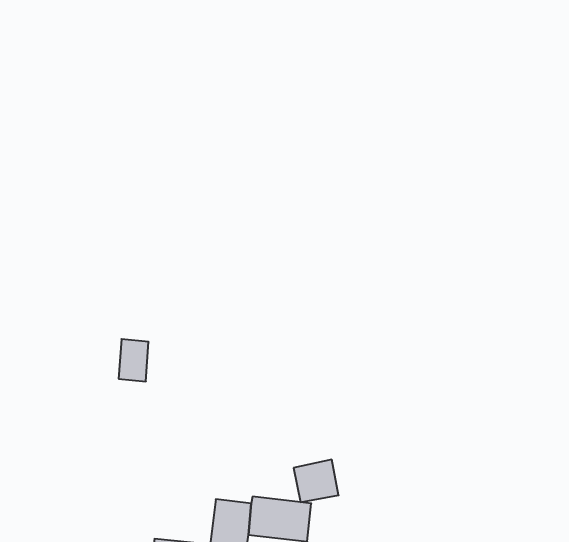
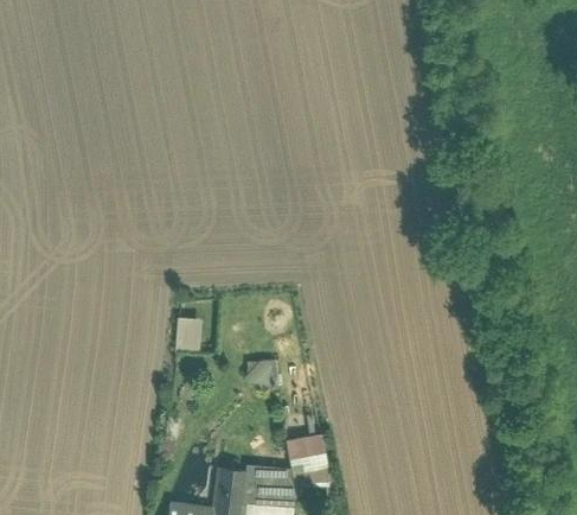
building: [119,339,149,381] -> [175,317,201,354]
building: none -> [245,360,274,389]

